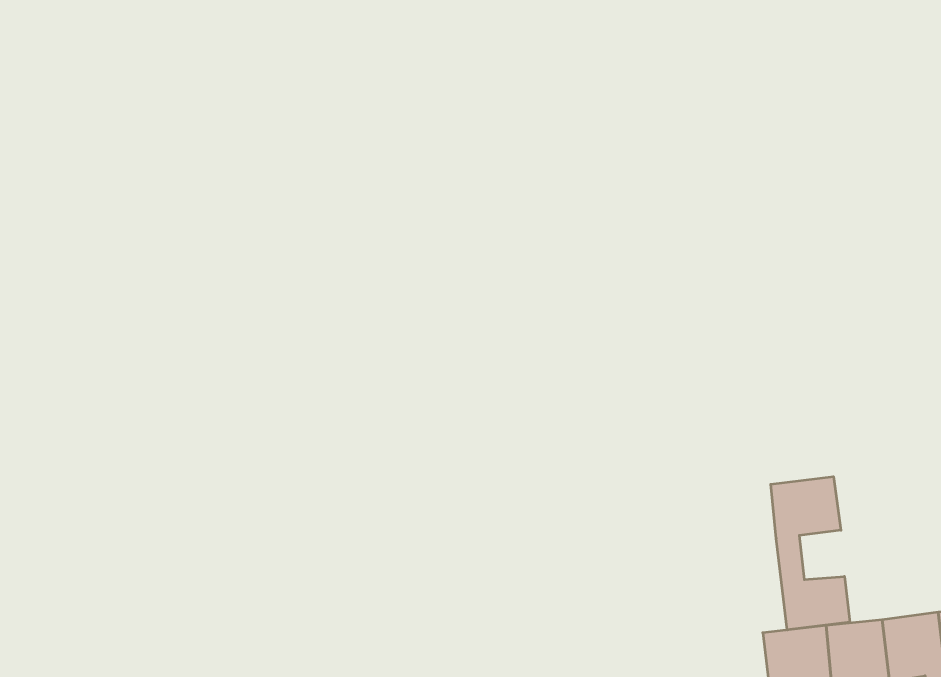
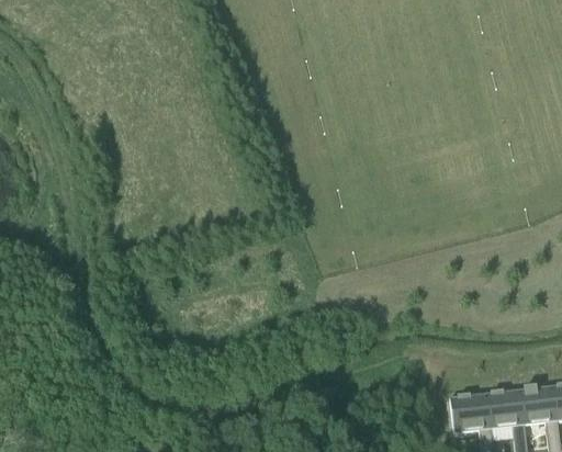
building: [771,477,850,630] -> none

